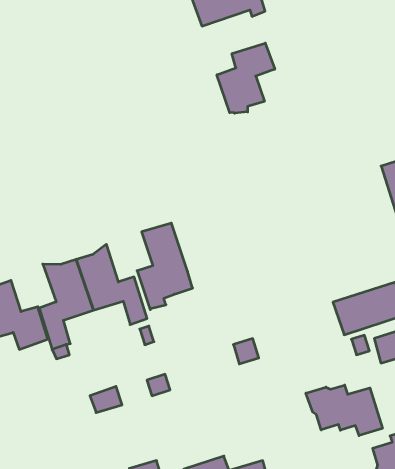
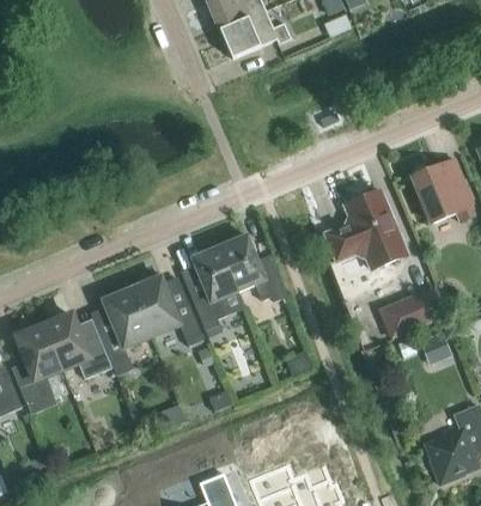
building: [217,43,275,113] -> none
building: none -> [325,189,407,282]
building: none -> [219,234,287,300]
building: [306,385,382,436] -> none

